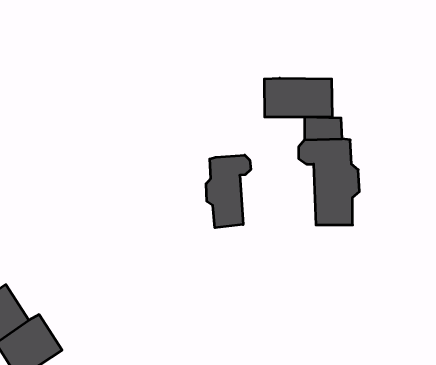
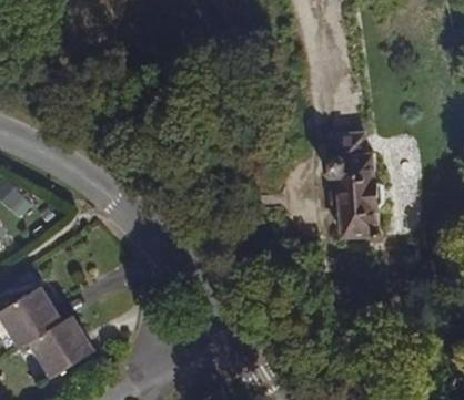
building: [264,78,332,117] -> none
building: [206,155,251,228] -> none

